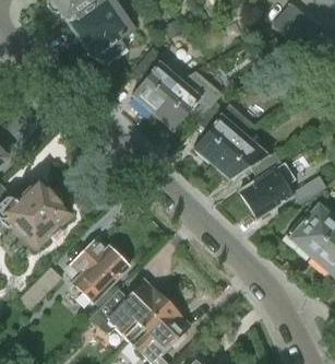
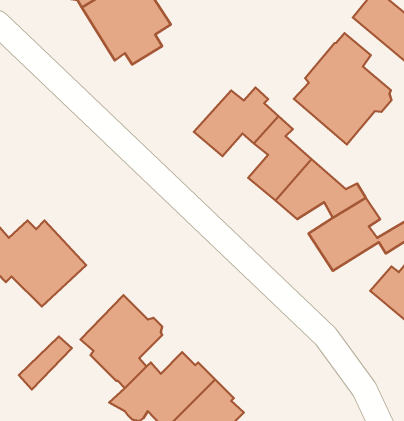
building: none -> [294,33,391,144]
building: [132,47,180,113] -> none

